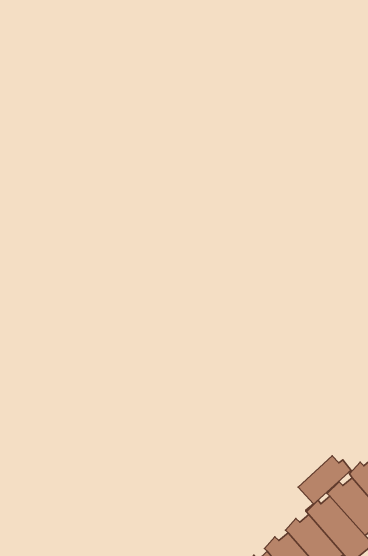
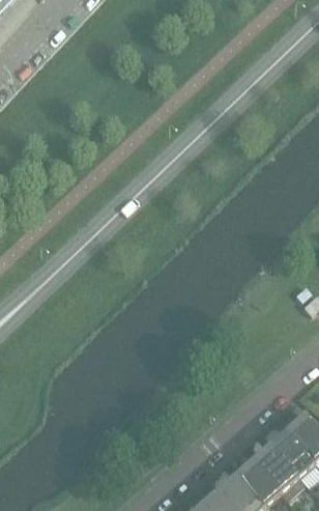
building: [298,456,351,511] -> none

